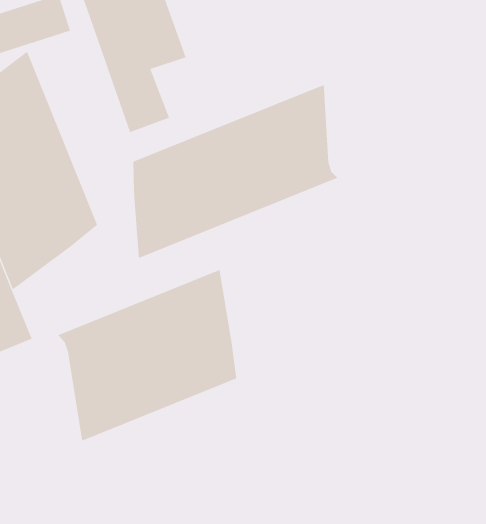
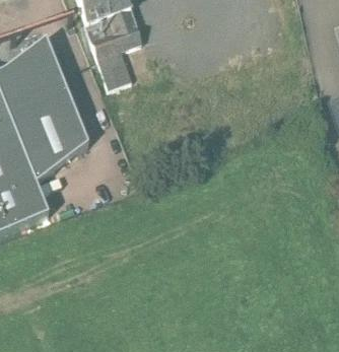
building: [133,84,339,259] -> none
building: [58,269,237,441] -> none

